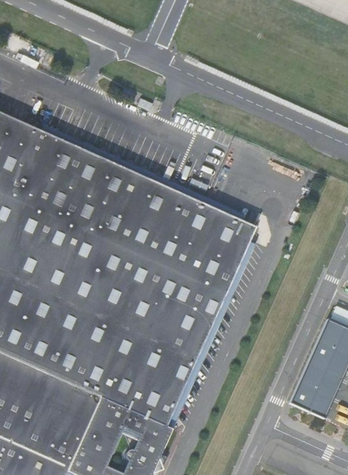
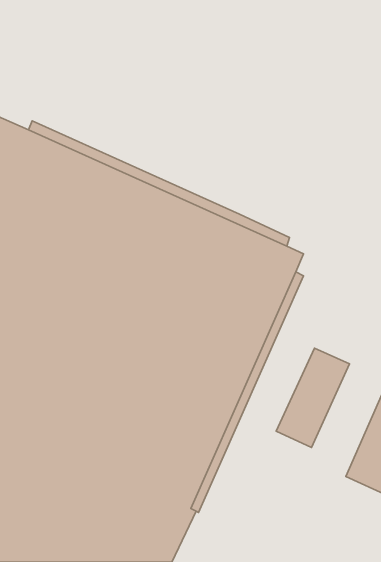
building: none -> [276,348,349,447]

